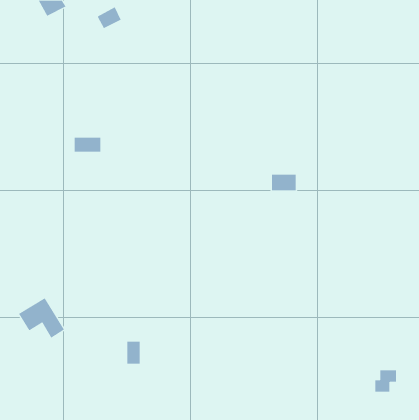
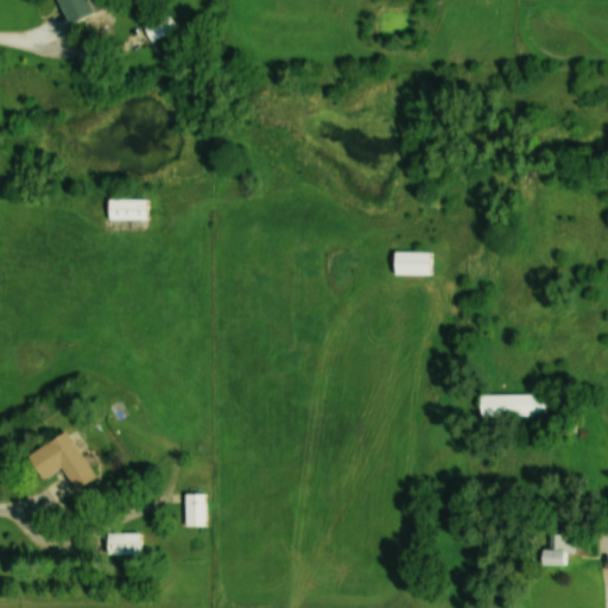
building: none -> [481,394,545,417]
building: none -> [108,533,139,555]

